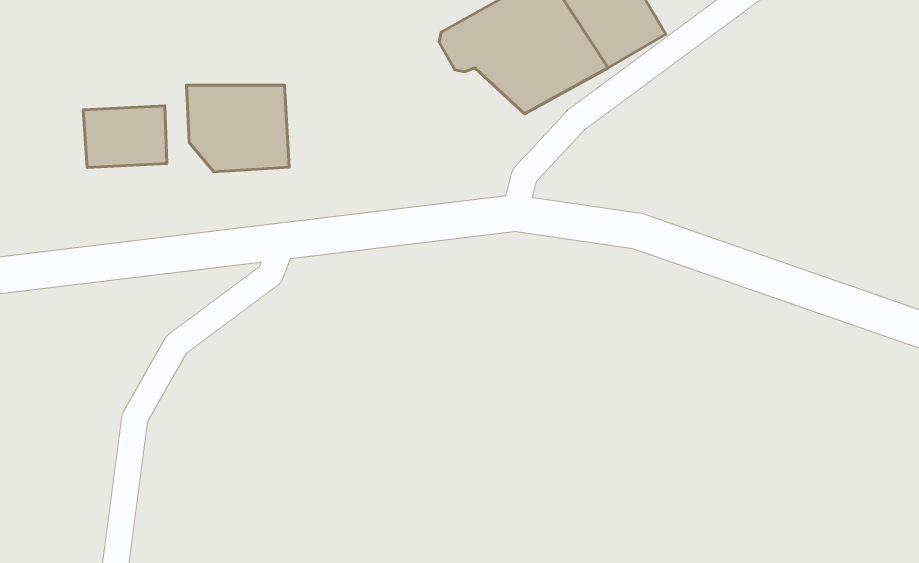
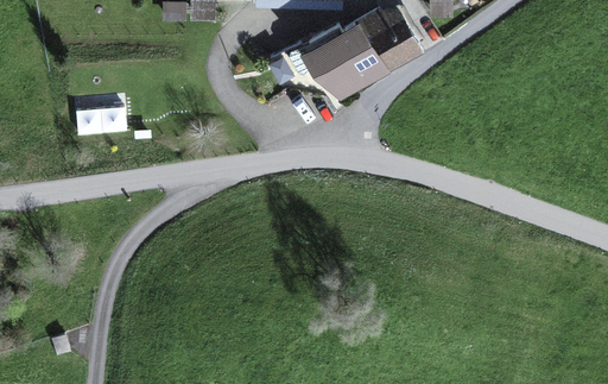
building: [186,85,289,172] -> none

